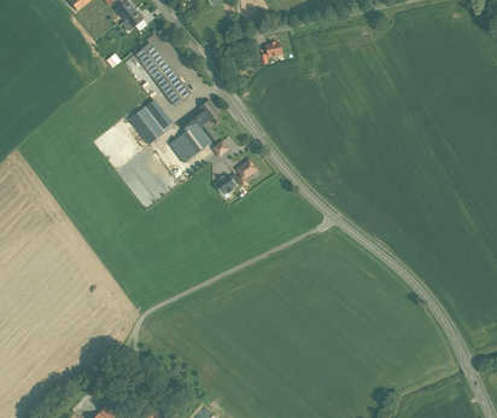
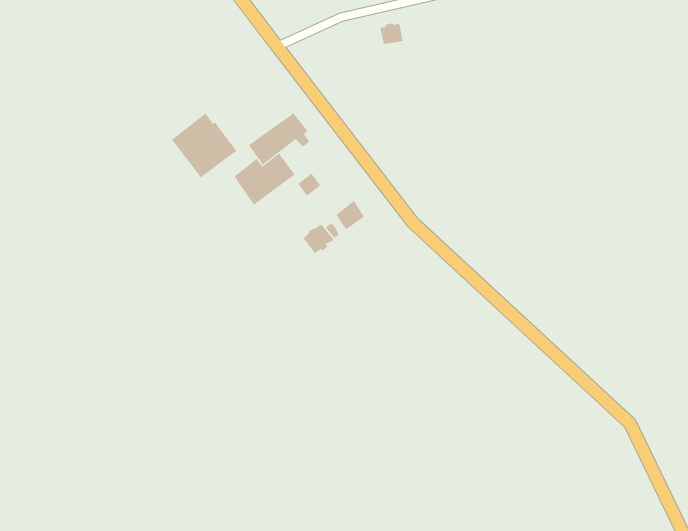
building: [140,48,191,105] -> none

